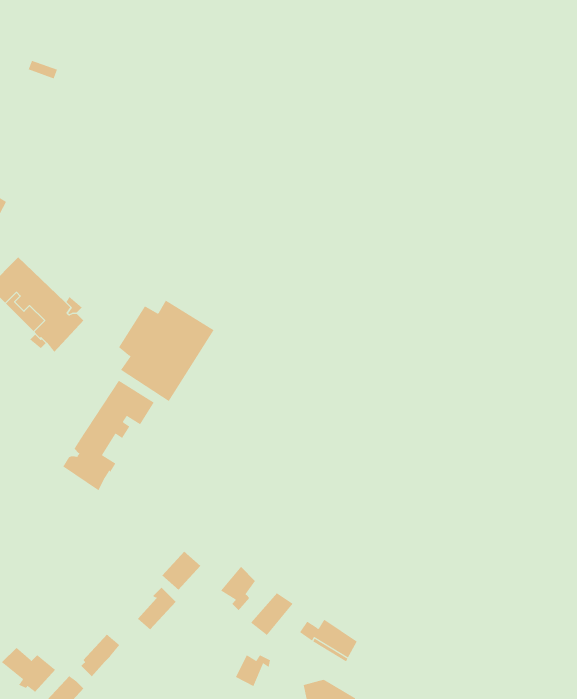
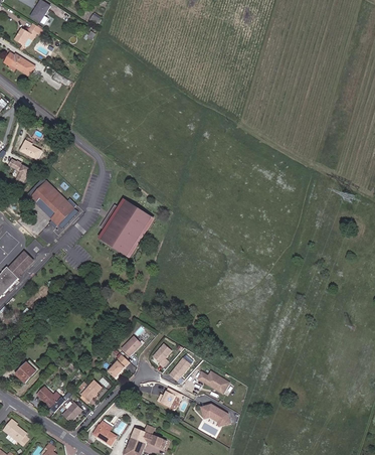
building: [62,380,155,491] -> none

